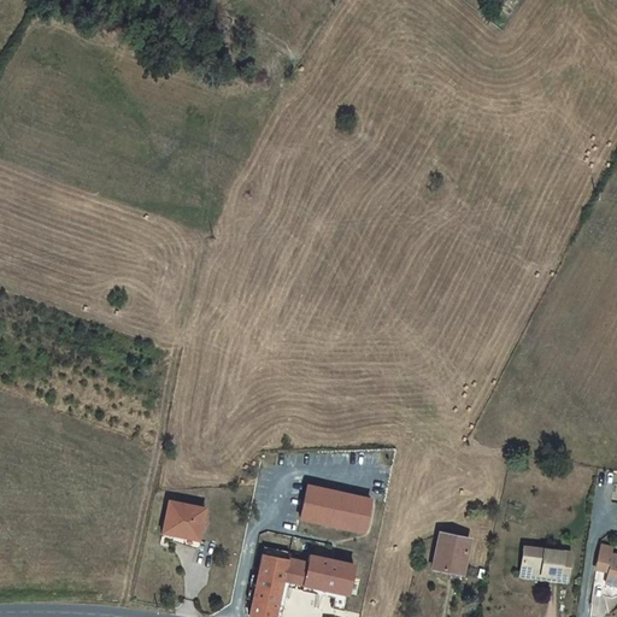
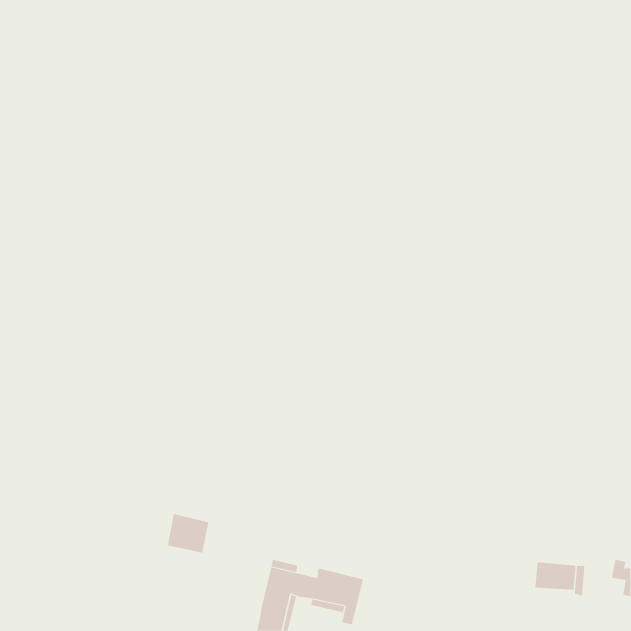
building: [301,486,372,533] -> none
building: [431,534,470,574] -> none

